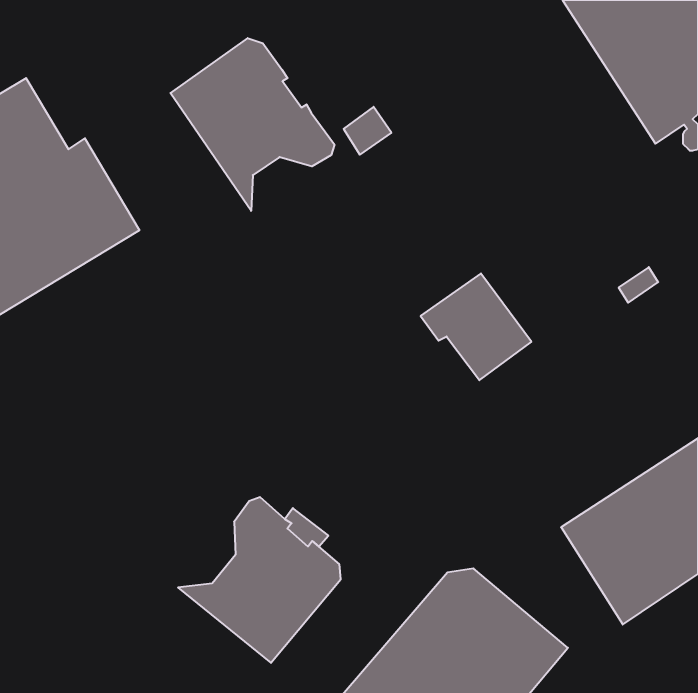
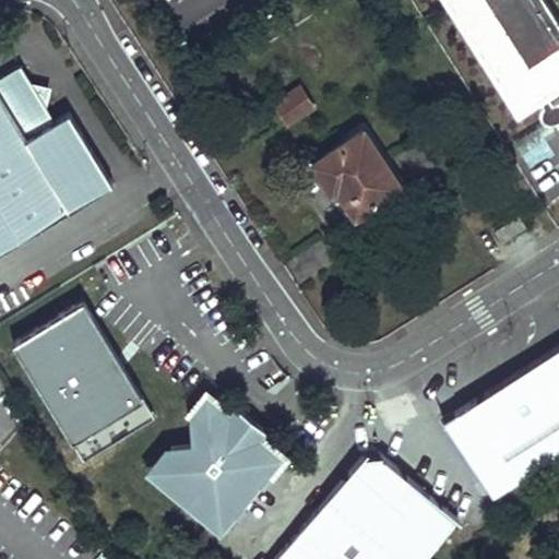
building: [170,38,334,211] -> none
building: [421,273,531,380] -> [313,131,402,216]
building: none -> [14,306,148,464]

